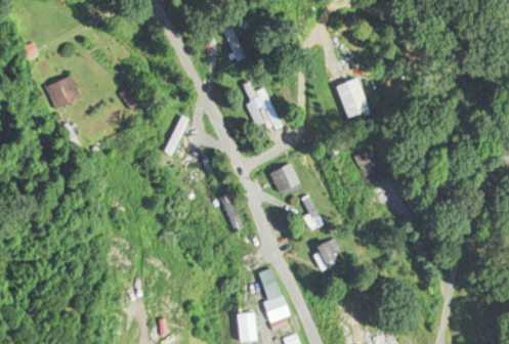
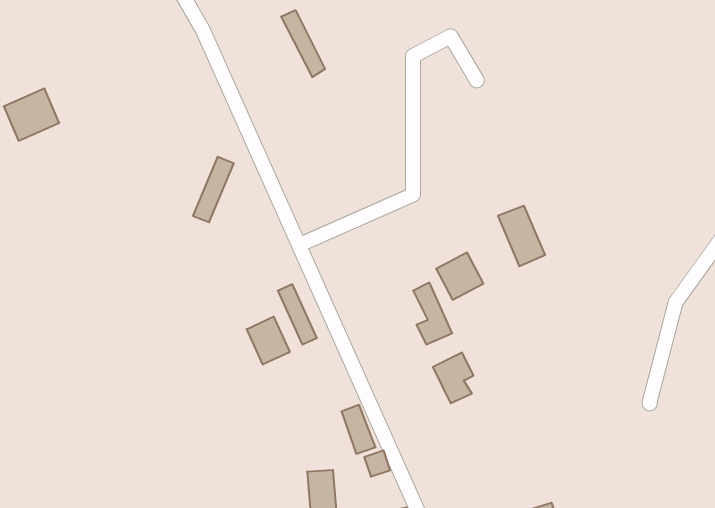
building: [335,73,369,114] -> none
building: [243,80,278,131] -> none
building: [271,166,301,196] -> [436,252,483,300]
building: none -> [247,316,290,365]

